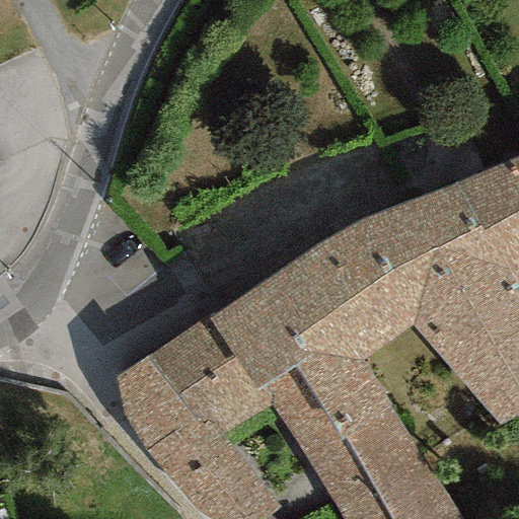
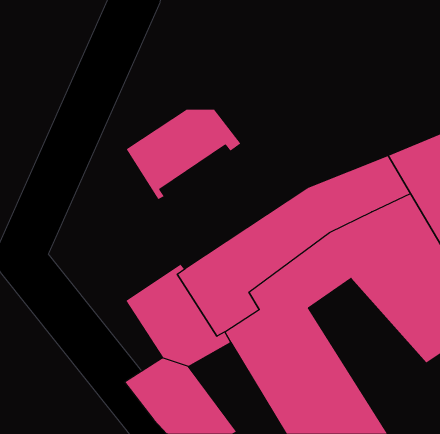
building: none -> [126,109,241,200]
building: [117,353,193,448] -> none

